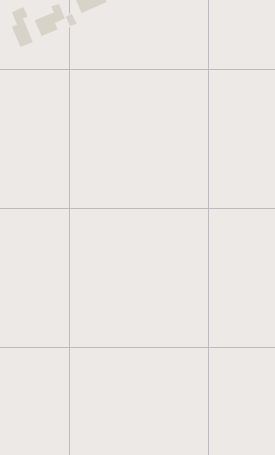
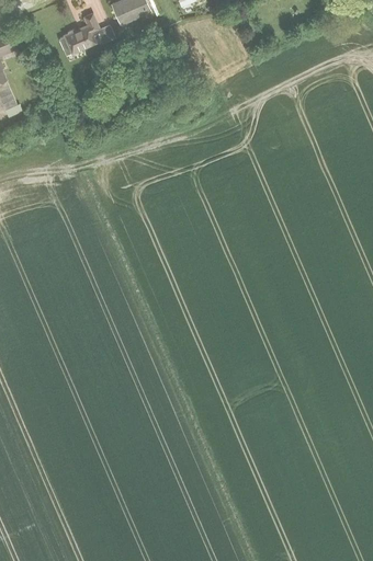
building: [11,6,34,48] -> none

